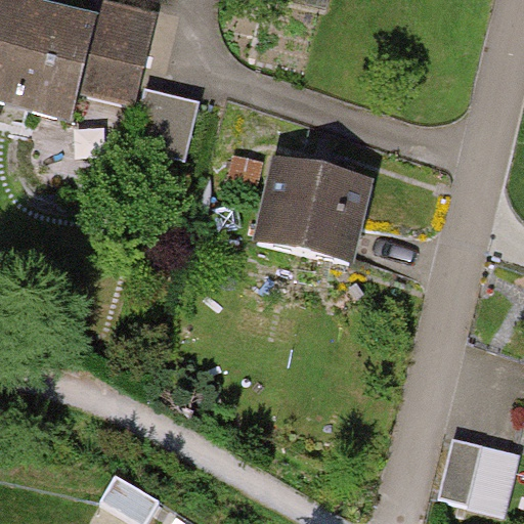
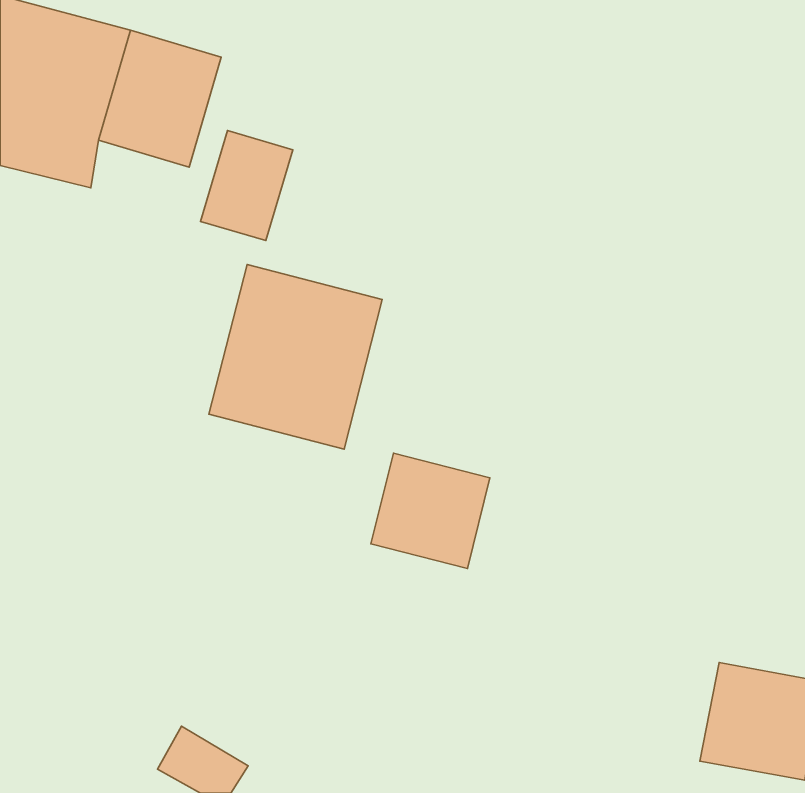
building: [256,149,367,268] -> [209,264,382,449]
building: none -> [371,453,490,568]

